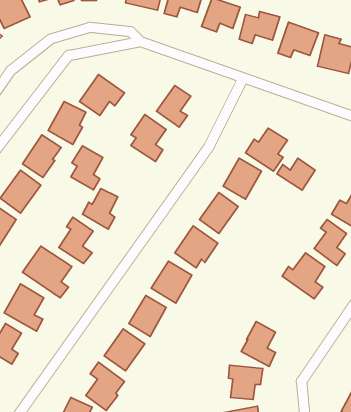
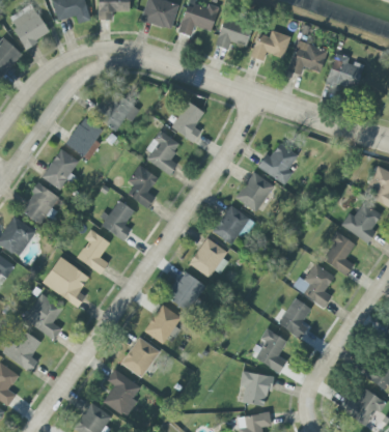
building: [71,146,103,190] -> [127,165,158,207]
building: [277,158,315,190] -> none
building: none -> [278,297,313,336]

